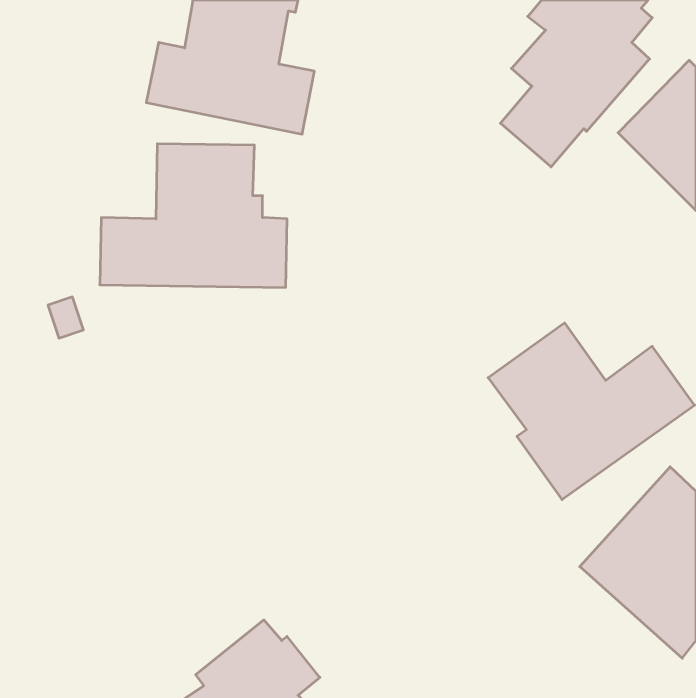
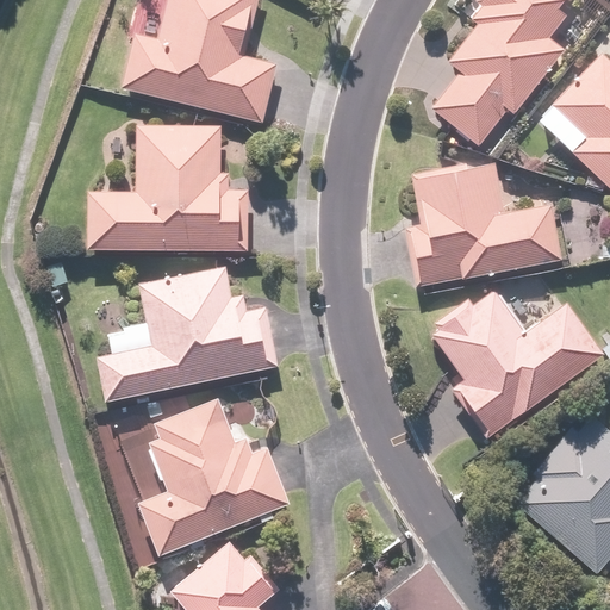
building: none -> [406,160,564,287]
building: none -> [91,267,279,400]
building: none -> [137,397,288,556]

